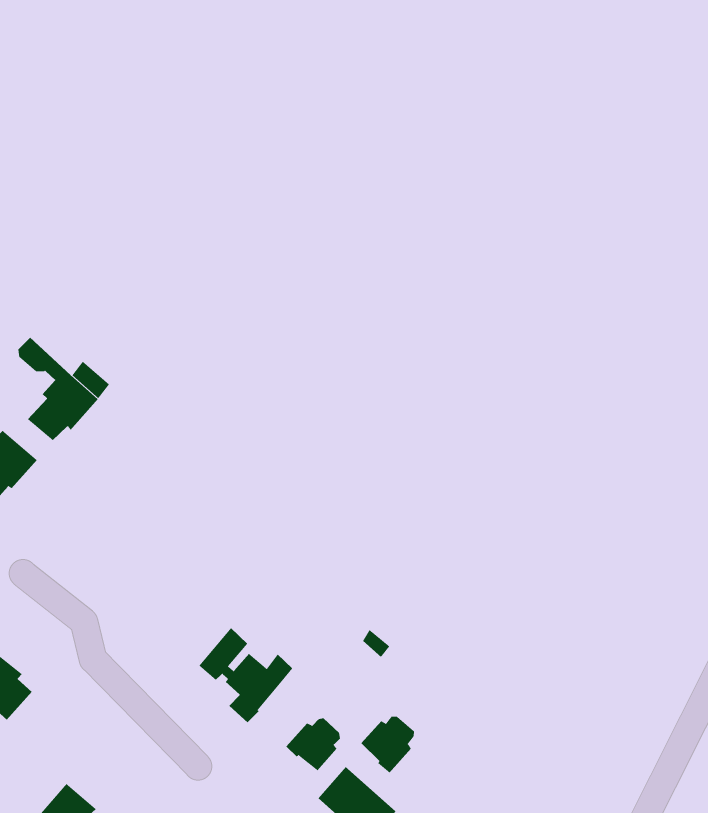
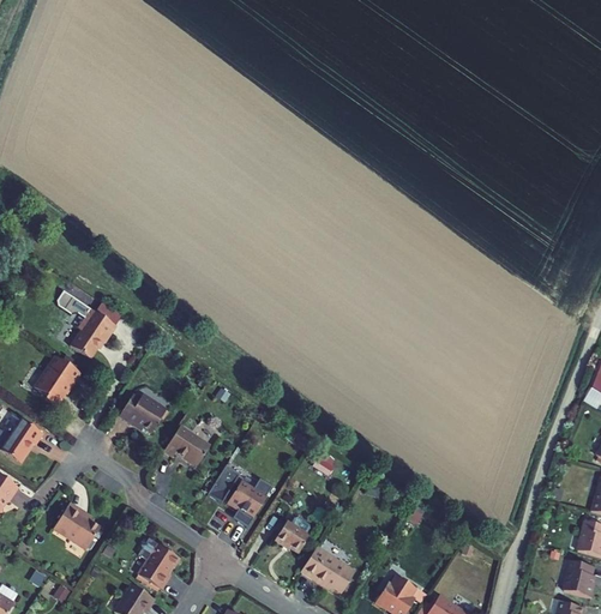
building: none -> [119,393,166,433]
building: none -> [163,425,210,465]
building: [361,716,415,774] -> none
building: none -> [138,537,179,588]

